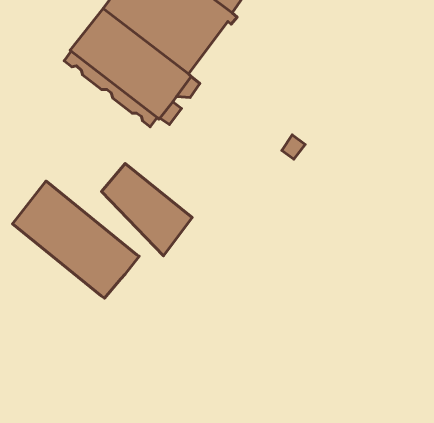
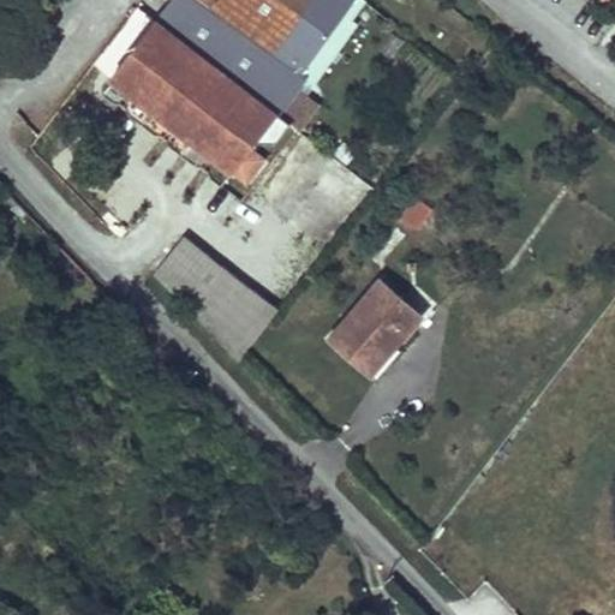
building: [13,181,139,298] -> none
building: none -> [333,279,420,374]

